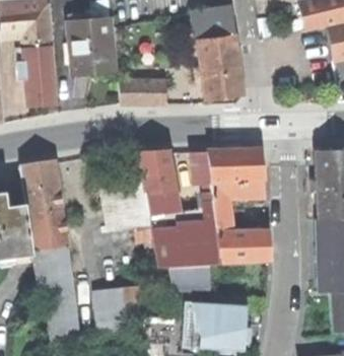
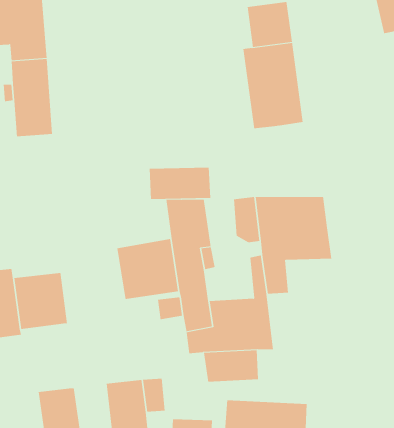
building: [69,18,116,76] -> none
building: [121,80,167,104] -> [149,167,211,200]
building: [20,162,62,211] -> none
building: [216,222,269,265] -> none
building: [31,245,70,297] -> none

